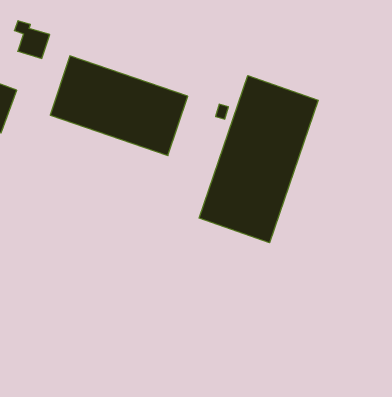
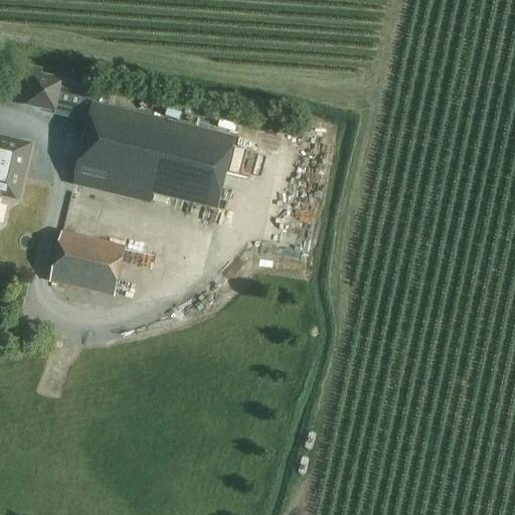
building: [199,76,318,243] -> none
building: none -> [50,233,124,295]

